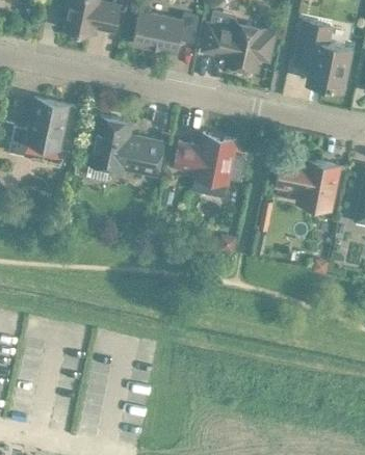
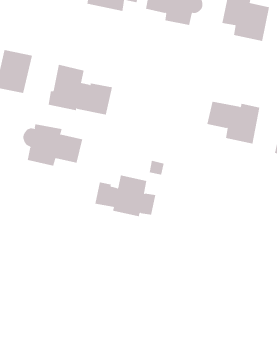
building: [175,134,247,184] -> [95,175,156,217]
building: none -> [23,123,83,166]

